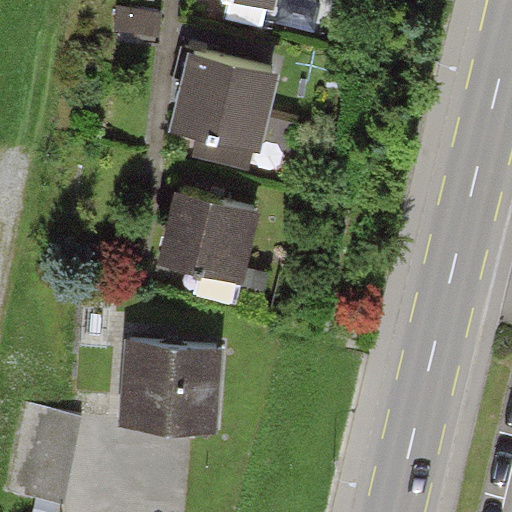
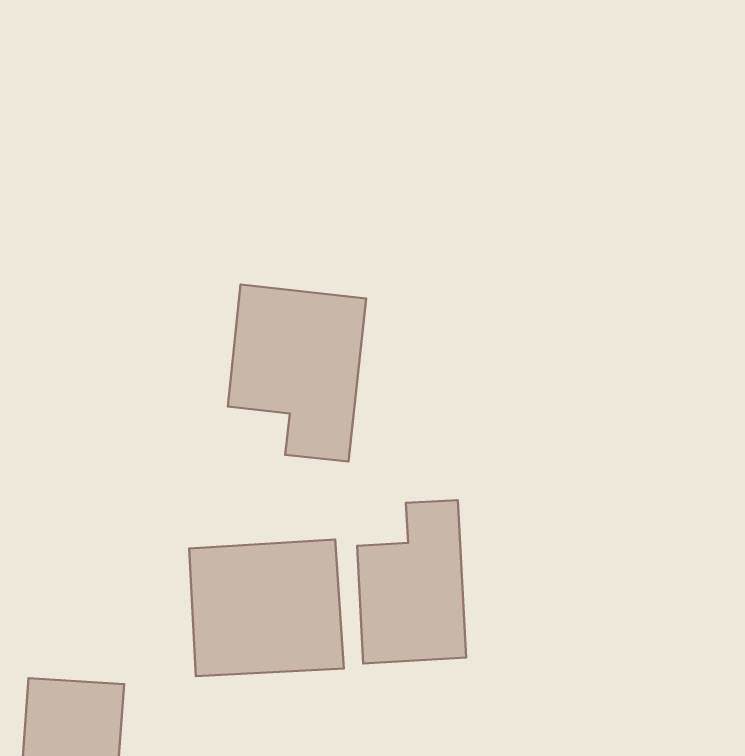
building: [178,44,269,169] -> none
building: none -> [357,500,466,664]

